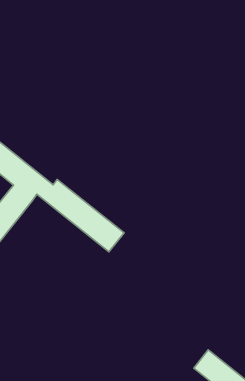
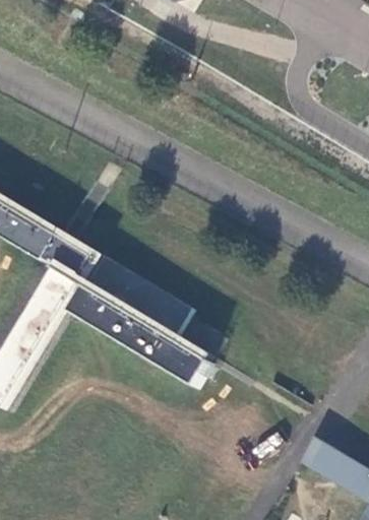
building: none -> [67,285,208,386]

